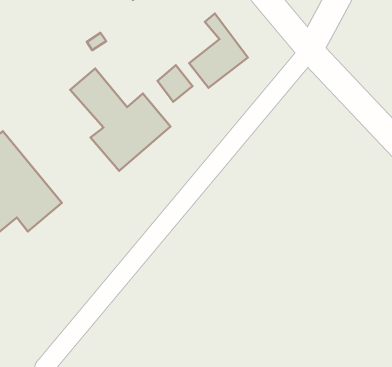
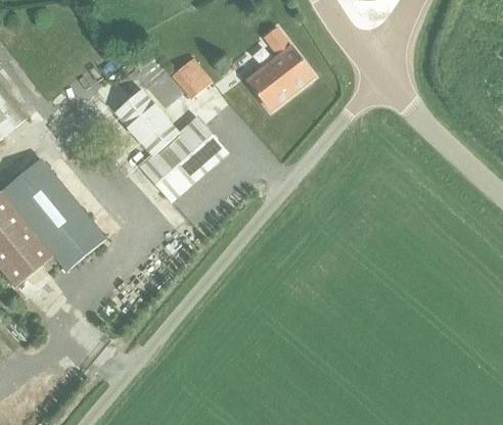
building: [158,65,193,102] -> [172,55,211,96]

